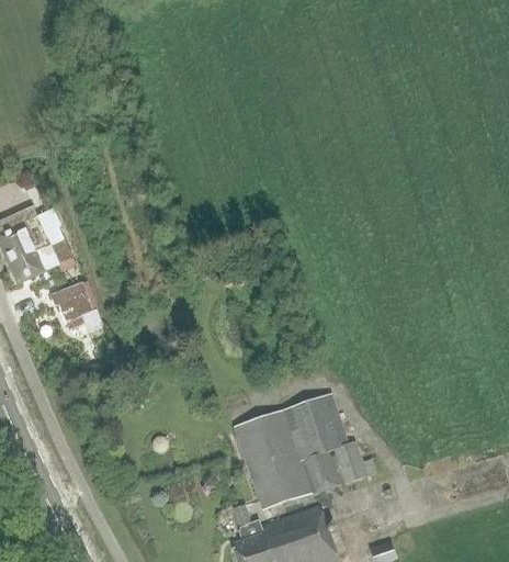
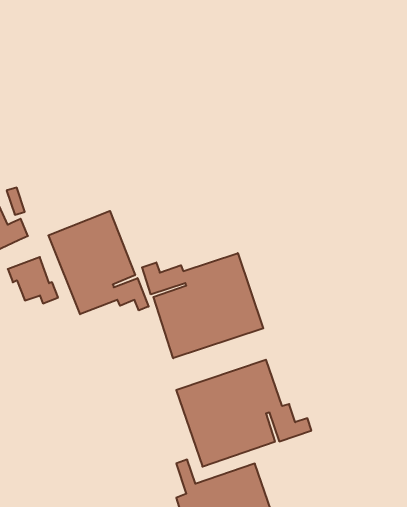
building: none -> [48,211,149,314]
building: none -> [142,253,263,358]

